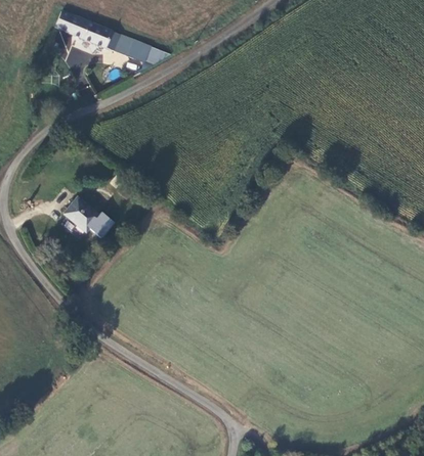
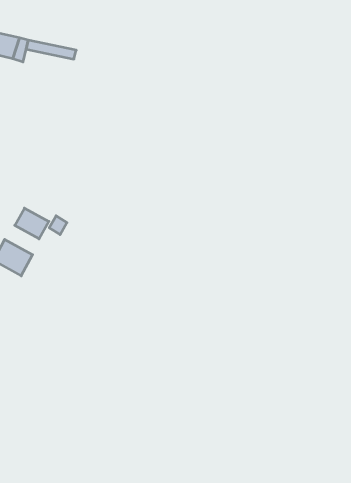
building: none -> [15,208,49,239]

